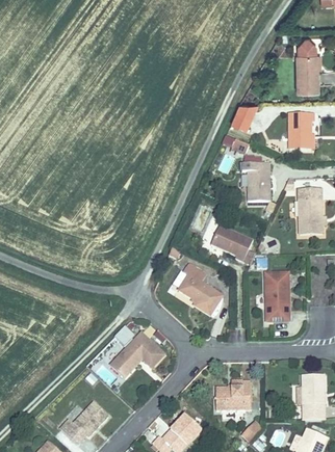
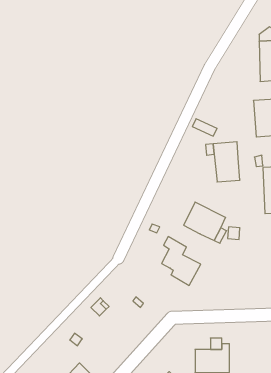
building: [227,105,256,131] -> none
building: [266,274,294,326] -> none
building: [112,329,166,374] -> none

